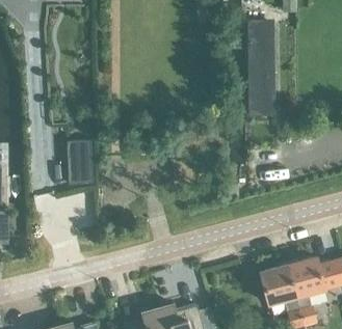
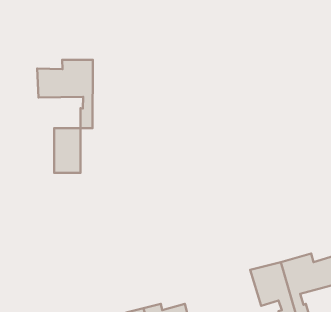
building: [247,24,275,115] -> none
building: none -> [37,60,93,128]

